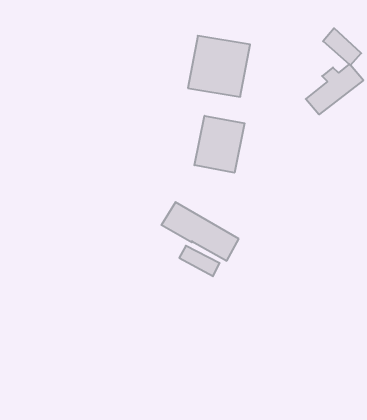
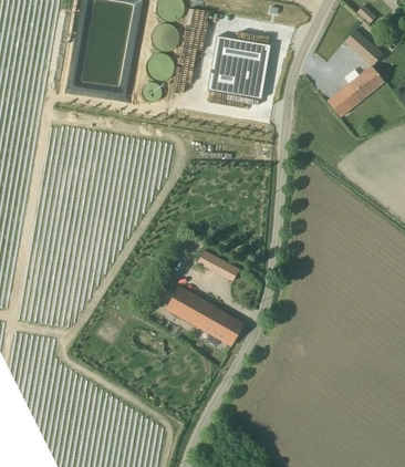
building: [194,116,245,173] -> none
building: [161,202,239,261] -> [165,286,243,345]

